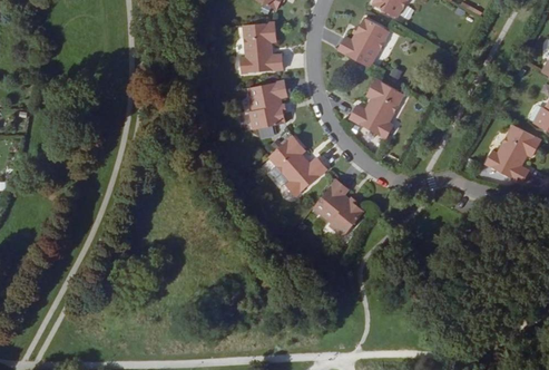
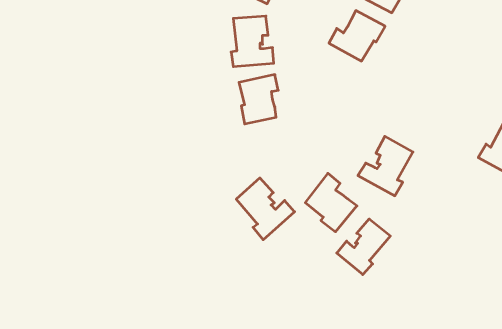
building: [347,78,402,137] -> [358,136,413,196]
building: [268,135,326,196] -> [236,178,295,240]
building: none -> [337,219,390,275]

